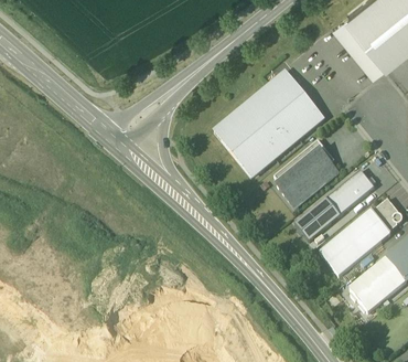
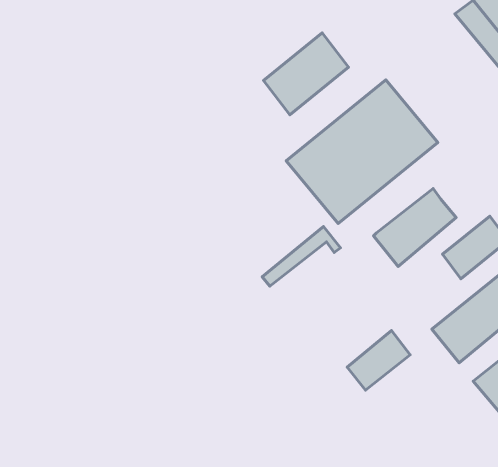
building: none -> [264,33,349,115]
building: [275,141,331,184] -> [262,226,340,286]
building: [296,200,341,243] -> [347,330,410,390]

